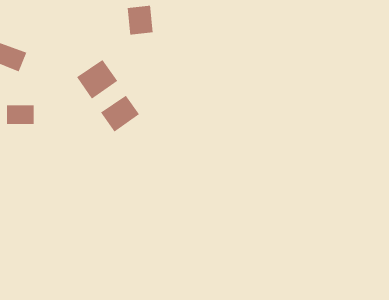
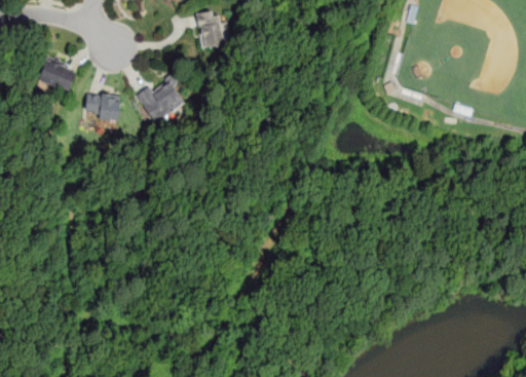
building: [100,95,140,132] -> none
building: [6,105,34,124] -> [85,93,119,117]

